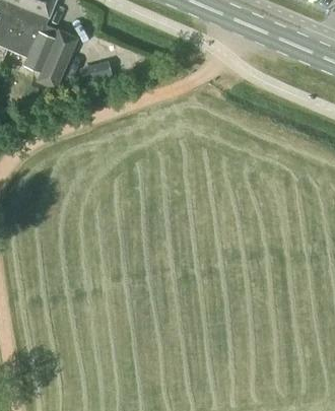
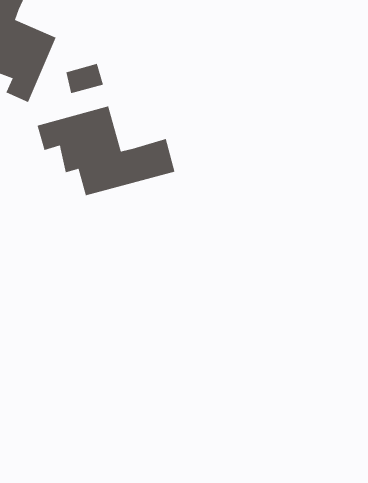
building: none -> [37,105,175,196]

